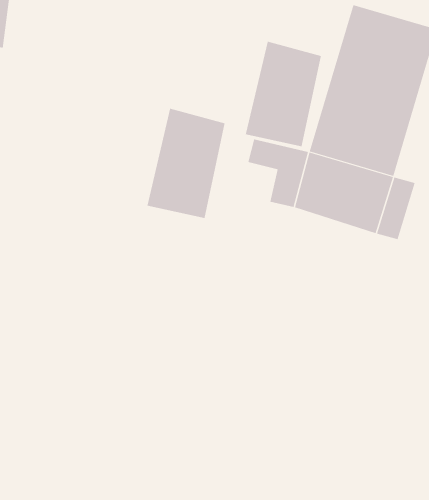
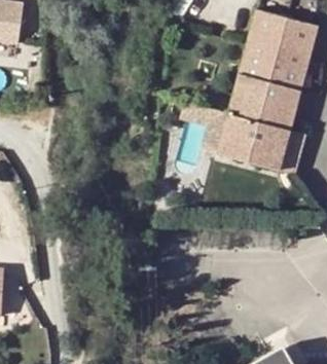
building: [245,41,321,147] -> none
building: [147,108,225,219] -> none

